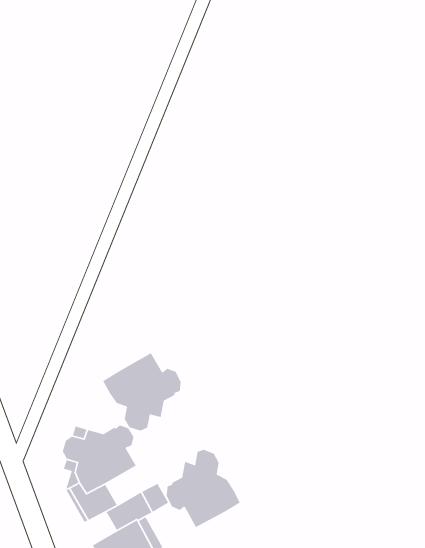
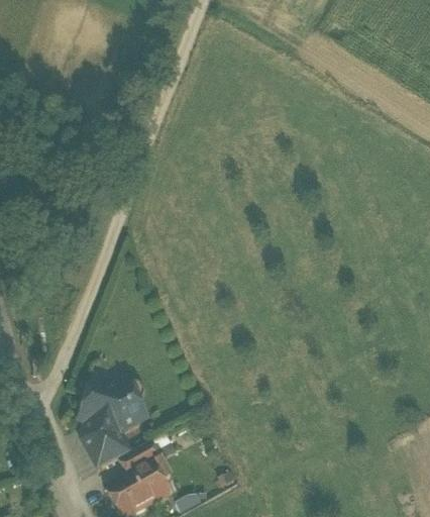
building: [102,352,182,431] -> none
building: [166,449,241,528] -> none

